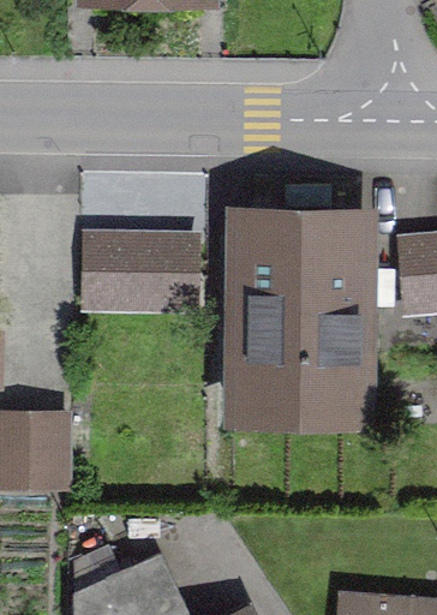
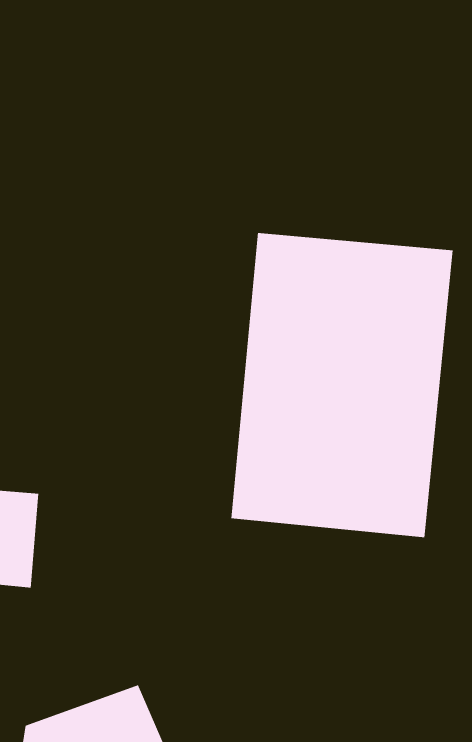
building: [80,233,200,317] -> none

